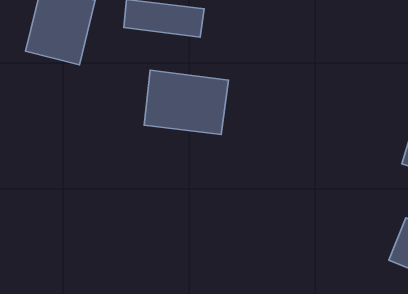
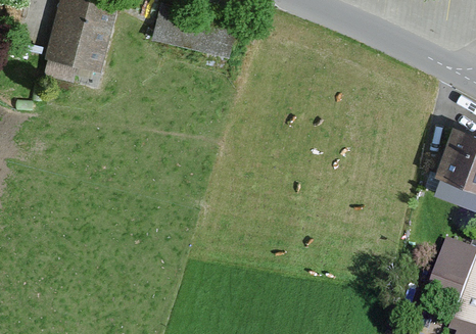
building: [144,70,228,135] -> none

